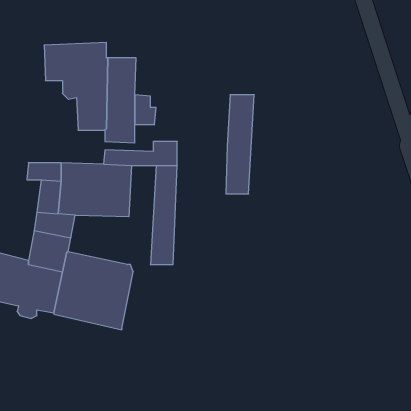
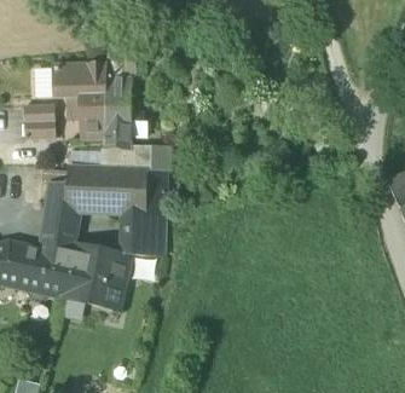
building: none -> [24,103,56,137]
building: [226,95,254,194] -> [125,168,149,253]

